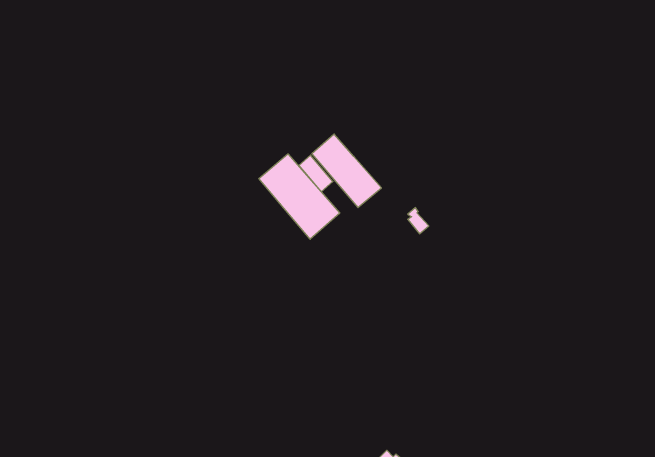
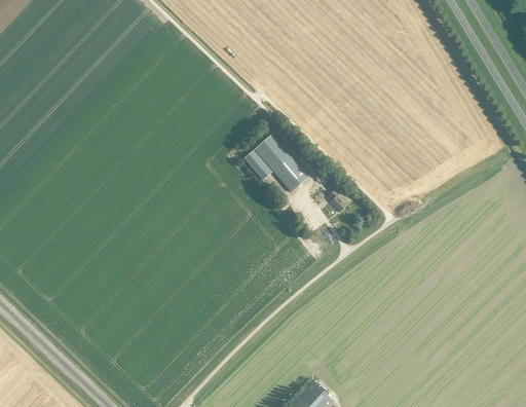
building: [259,154,340,239] -> none

